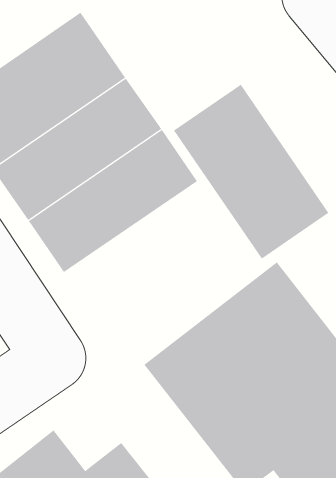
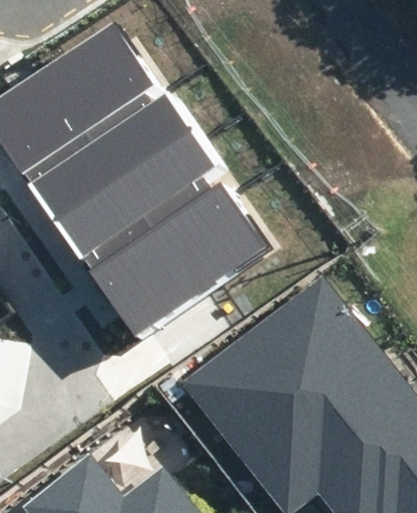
building: [173,84,329,259] -> none
building: none -> [98,194,273,341]

